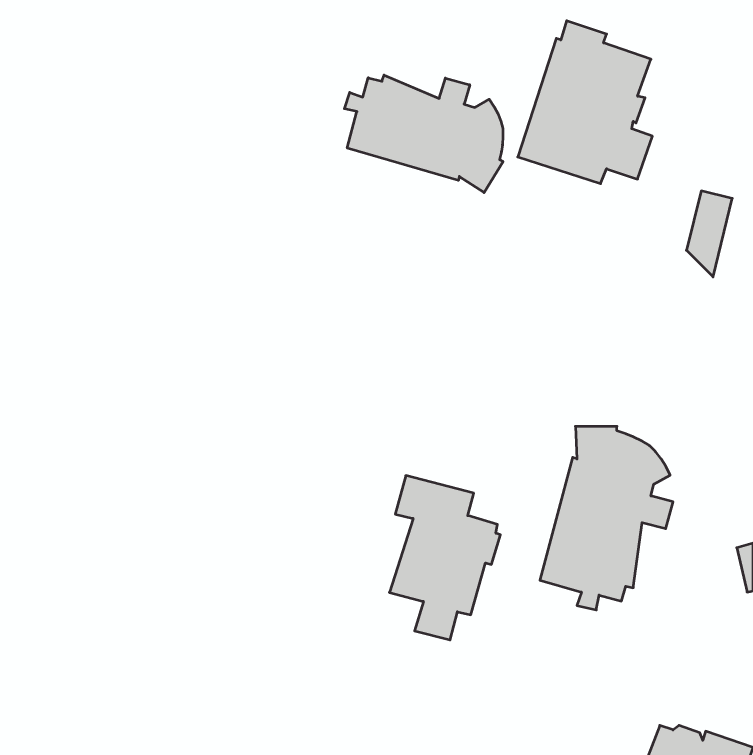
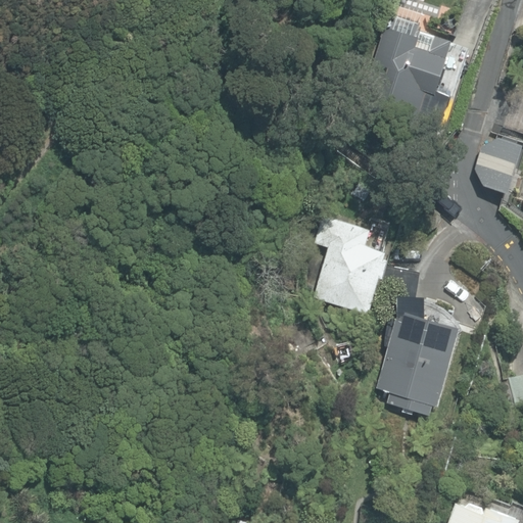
building: [344,75,503,193] -> none
building: [389,476,500,640] -> [313,218,389,331]

